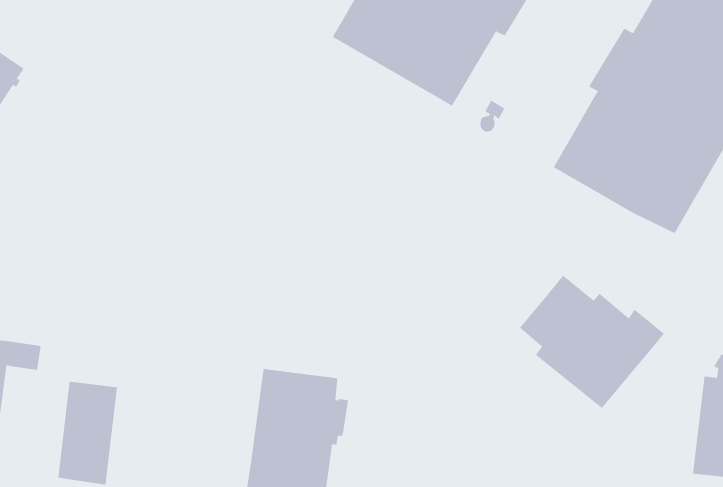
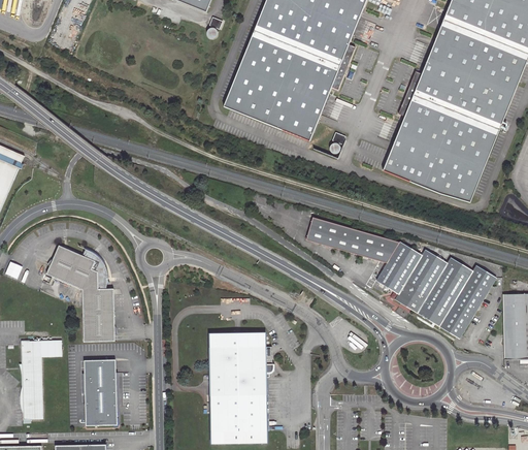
building: none -> [46,245,113,341]
building: none -> [304,215,399,261]
building: none -> [438,264,496,337]

